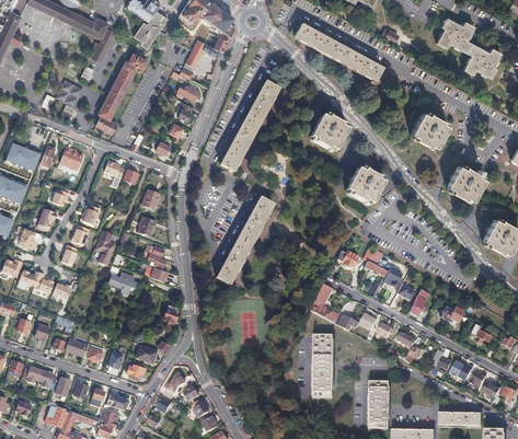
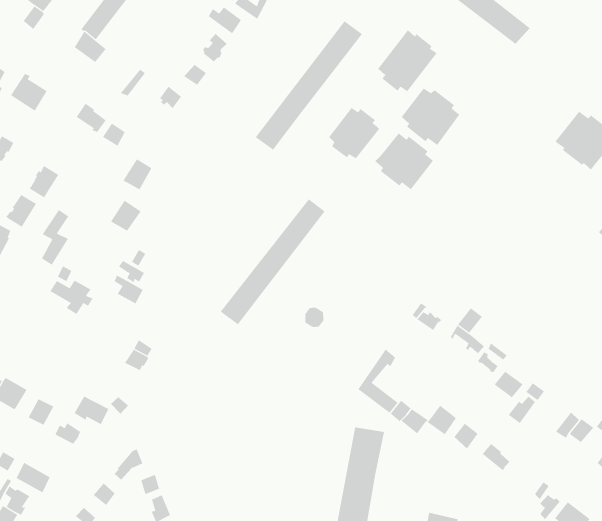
building: none -> [378,30,437,92]
building: none -> [329,107,380,159]
building: [346,166,383,201] -> [375,132,434,190]

